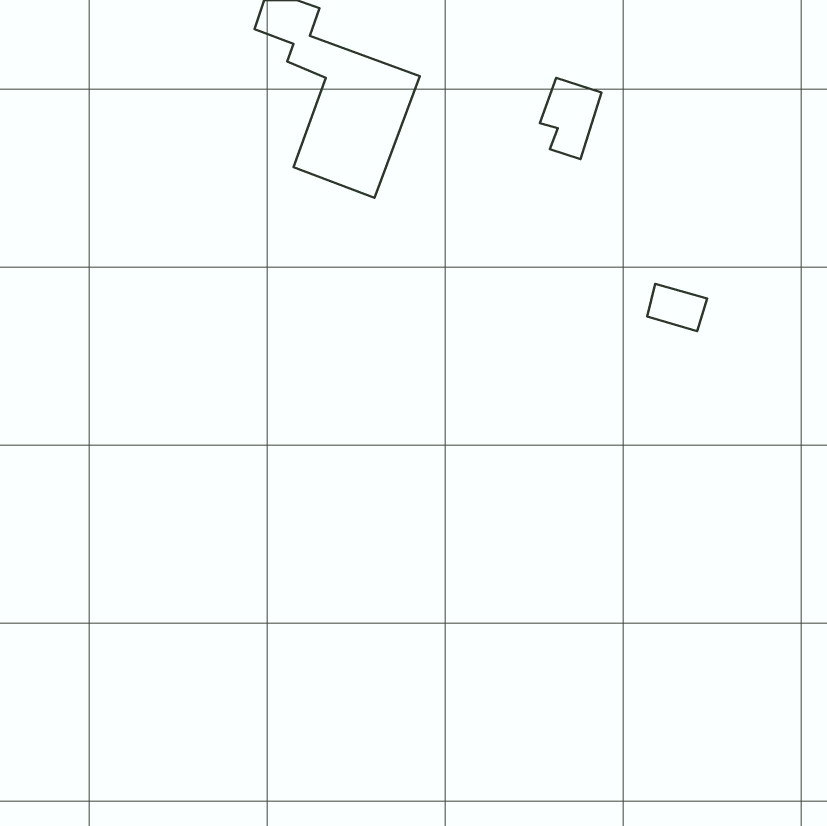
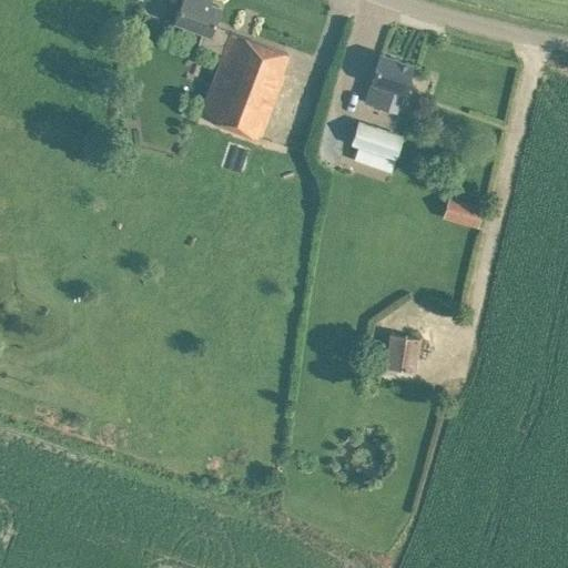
building: none -> [352,123,403,173]
building: none -> [385,334,420,371]

